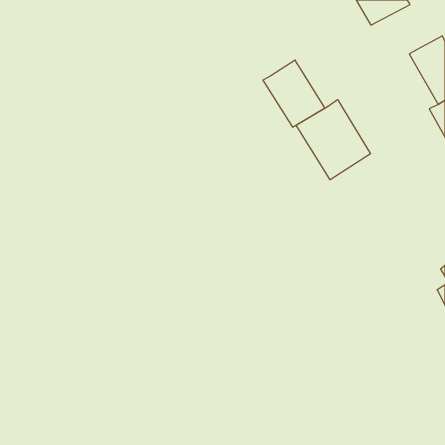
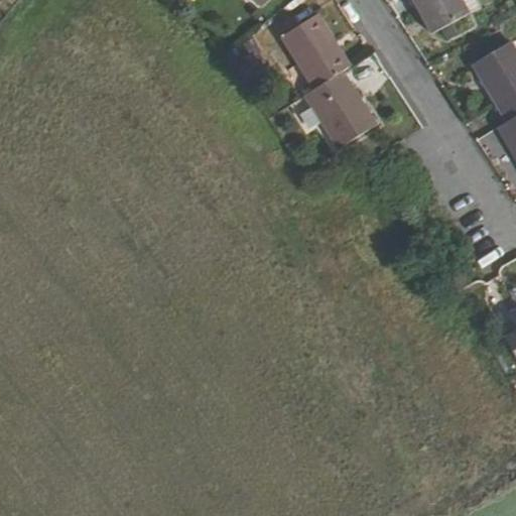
building: none -> [280,12,350,88]
building: [296,100,370,180] -> none

